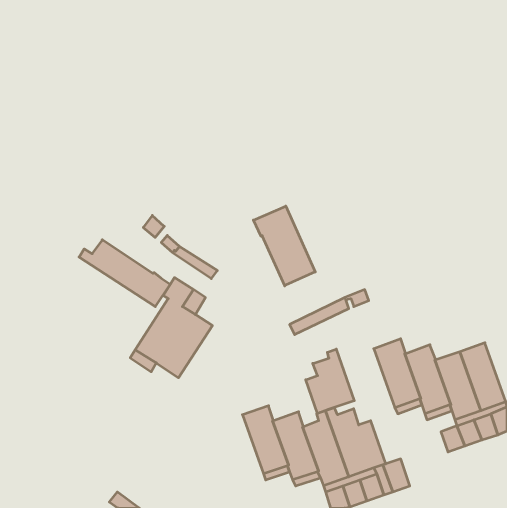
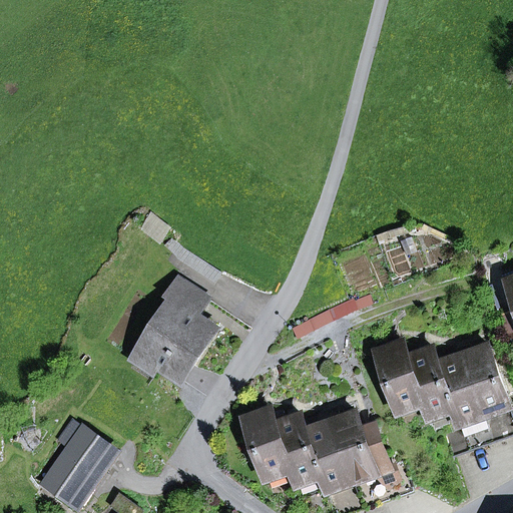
building: [253,206,315,286] -> none
building: [79,240,170,307] -> none
building: [306,349,354,414] -> none
building: none -> [42,418,113,502]

